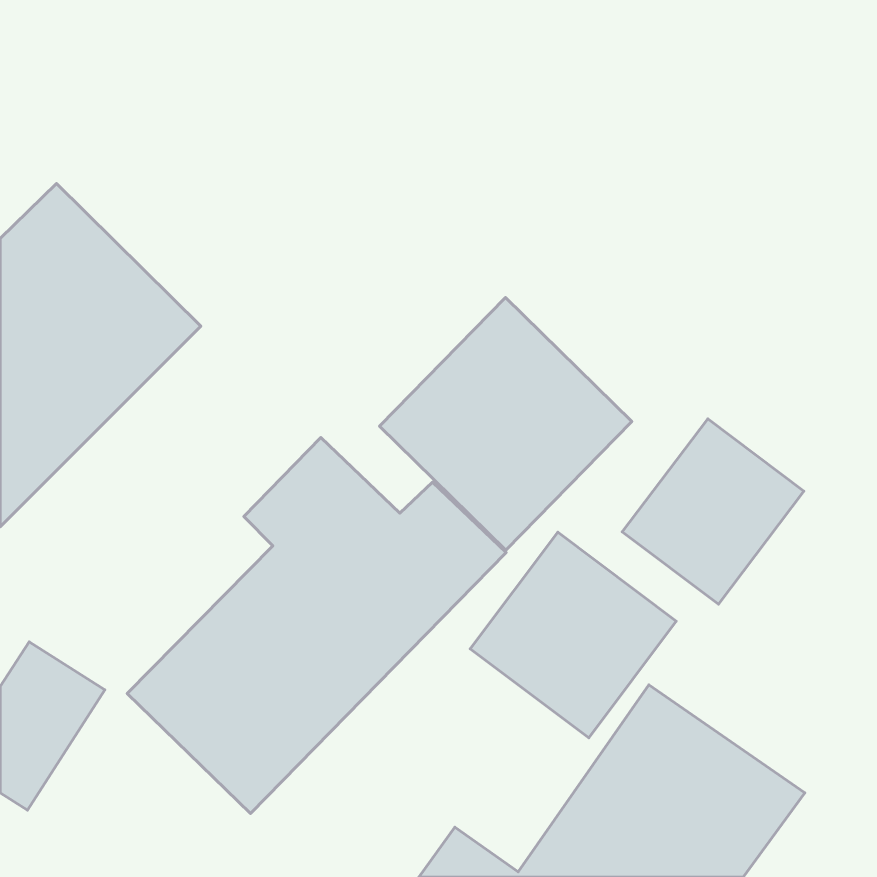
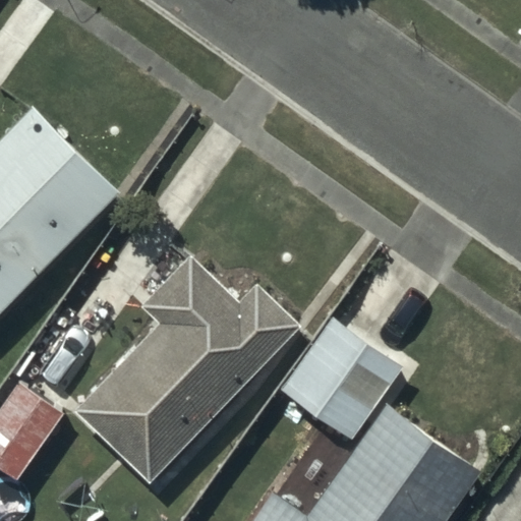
building: [380,297,632,550] -> none
building: [622,419,804,604] -> none

